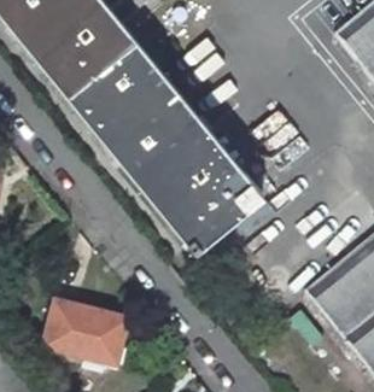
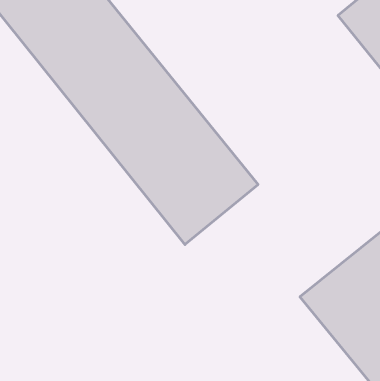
building: [40,298,124,362] -> none

